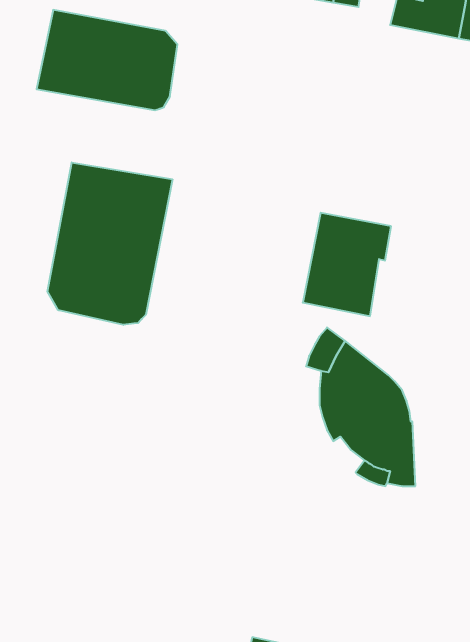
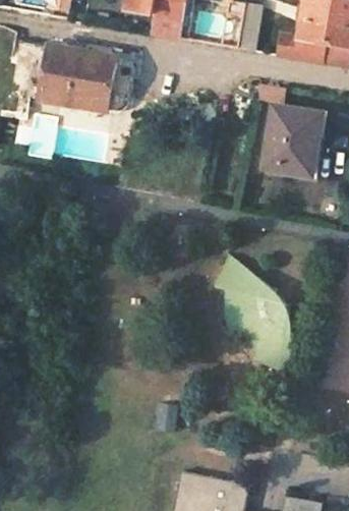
building: [48,162,172,325] -> none
building: [303,213,391,316] -> [261,105,322,175]

